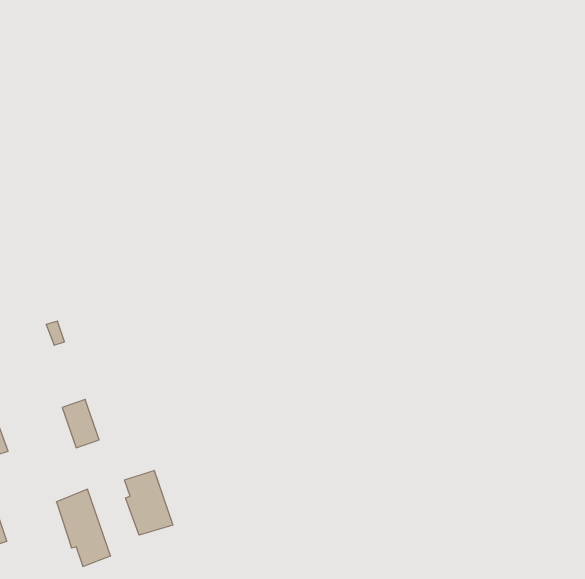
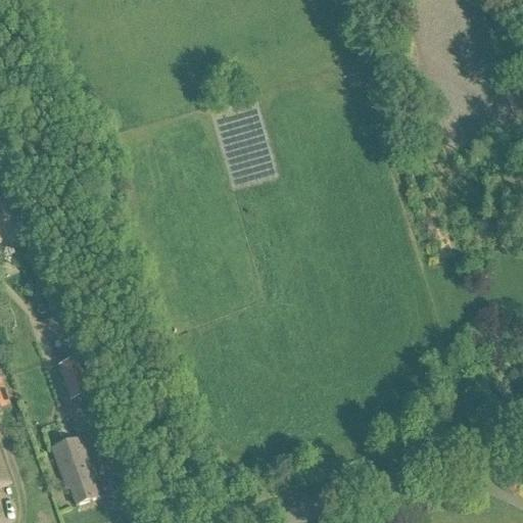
building: [125,470,173,535] -> none

